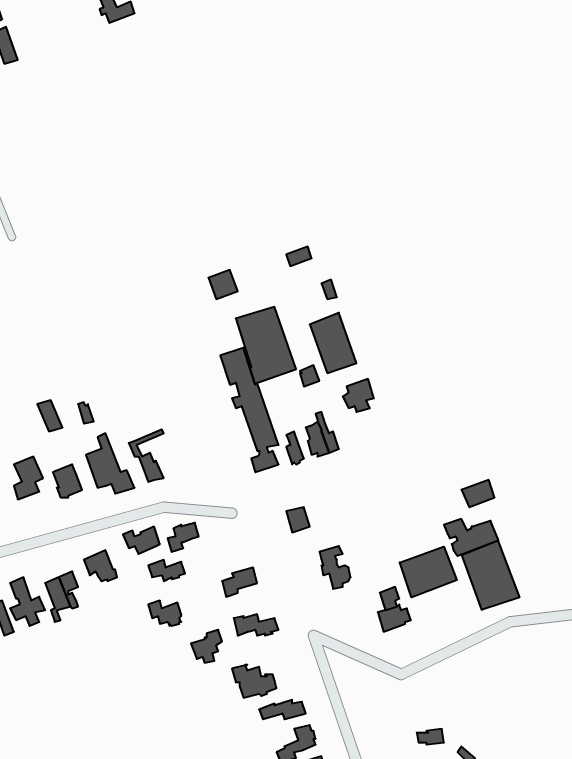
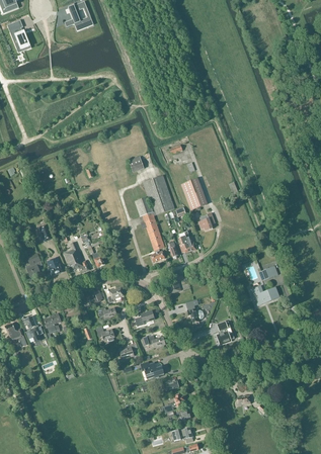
building: [462,541,519,610] -> none
building: [400,547,457,597] -> none

